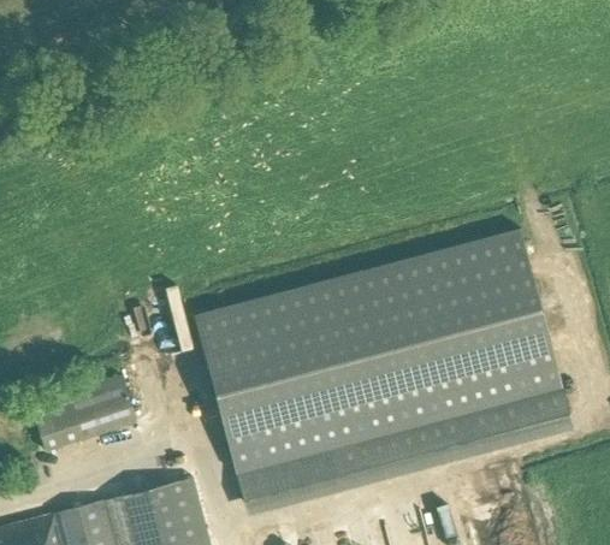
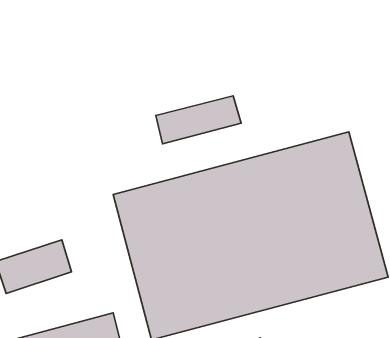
building: none -> [156,96,241,144]

